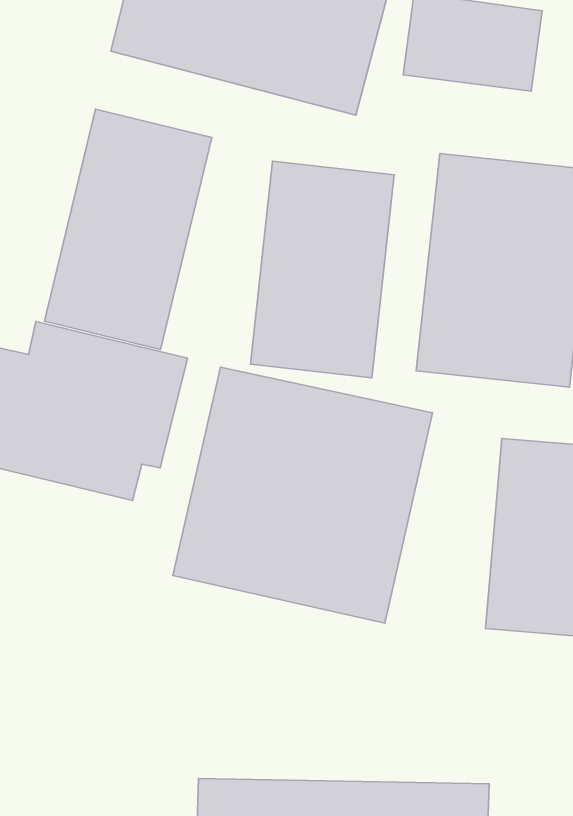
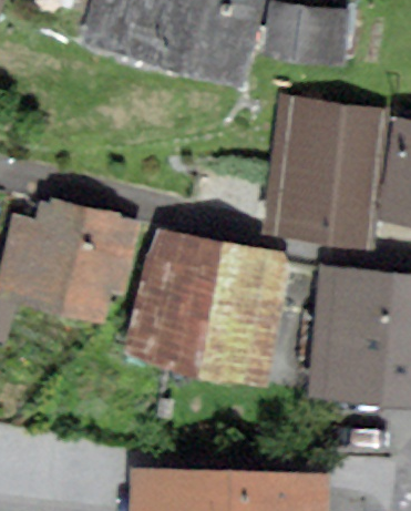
building: [44,109,212,349] -> none
building: [250,161,394,378] -> none

